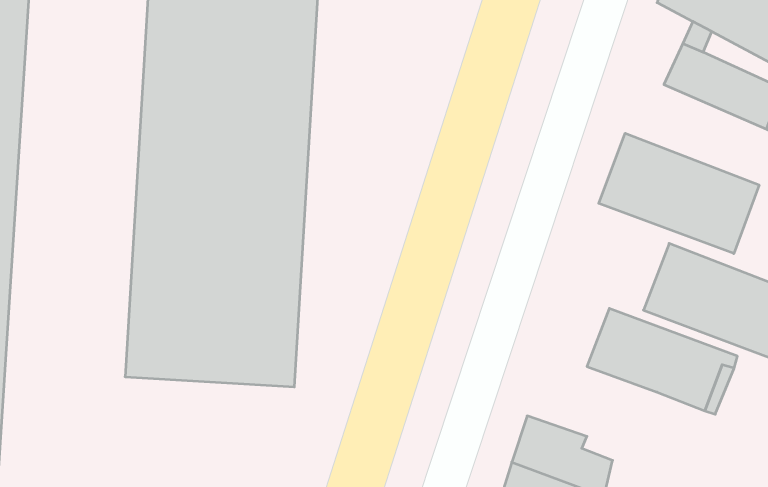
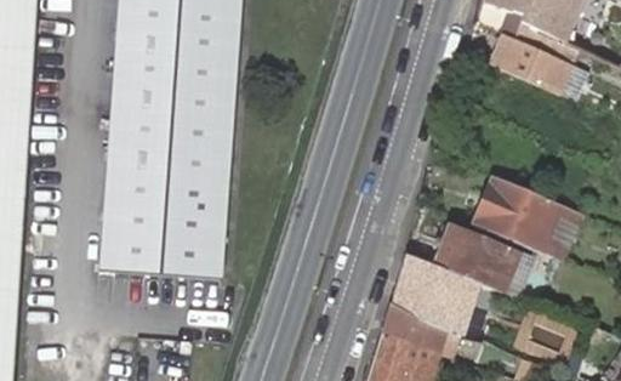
building: [599,133,759,254] -> none
building: none -> [388,252,480,335]

